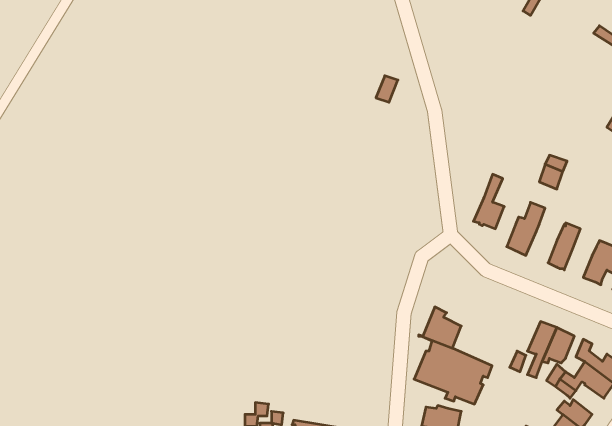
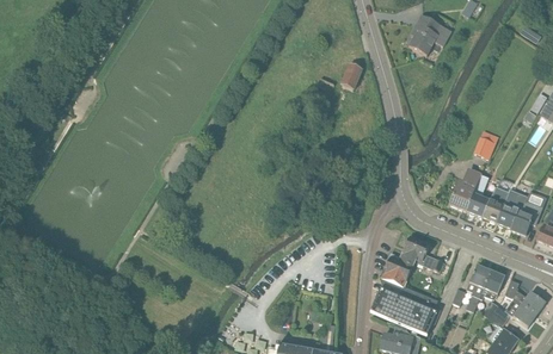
building: none -> [408,14,451,55]
building: [473,174,504,229] -> [465,173,490,217]
building: none -> [496,188,526,229]
building: none -> [398,236,442,273]

